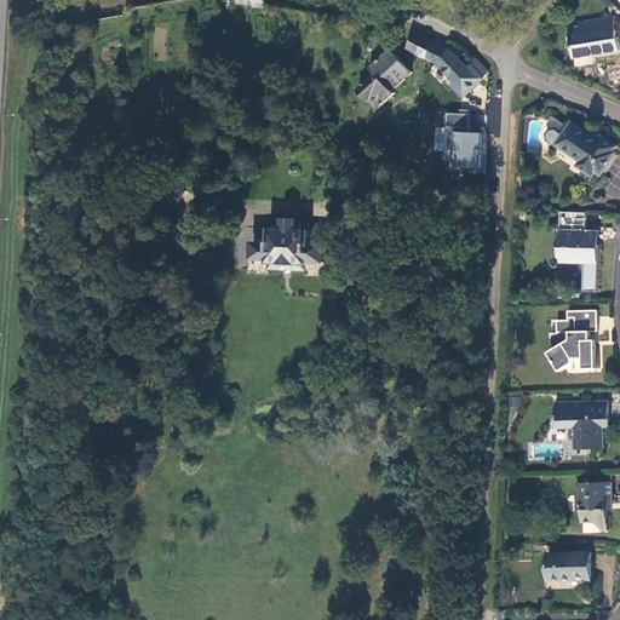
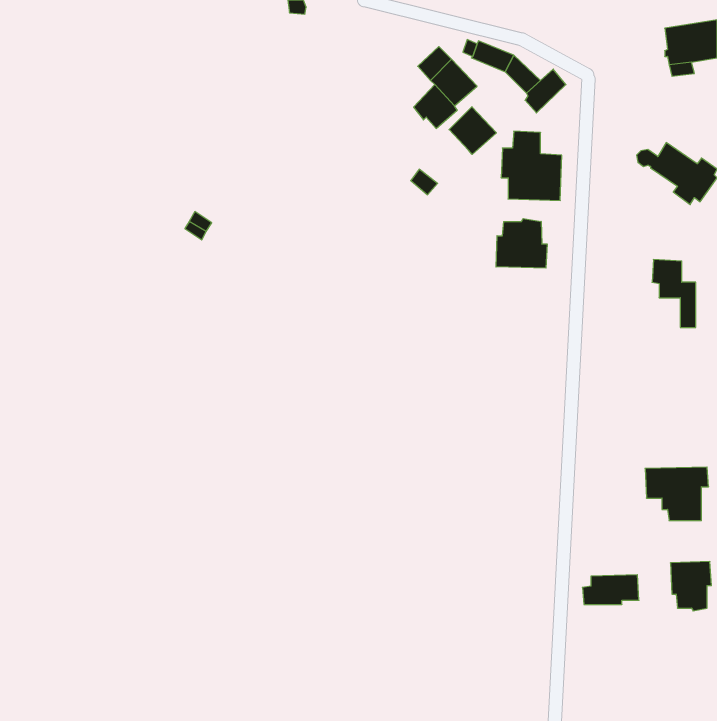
building: none -> [449,107,496,154]
building: none -> [496,219,547,268]
building: [248,218,322,264] -> none
building: [547,310,596,369] -> none
building: [539,553,587,579] -> [582,575,639,604]

